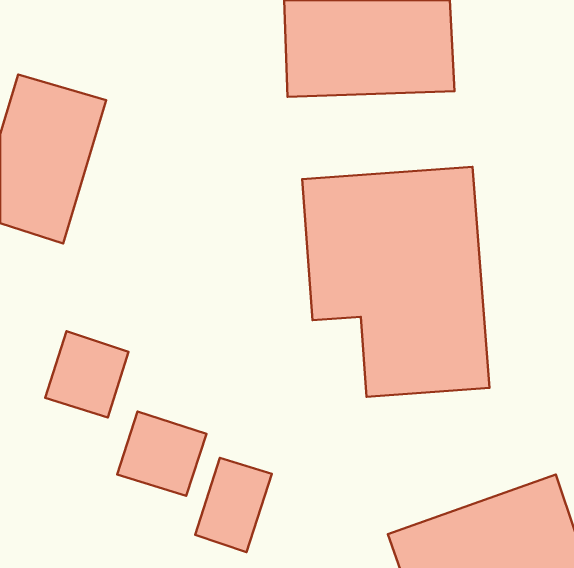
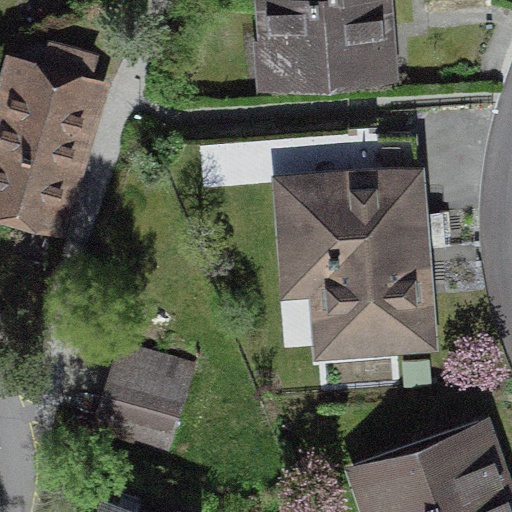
building: [45,331,129,417] -> none
building: [195,458,272,552] -> none

